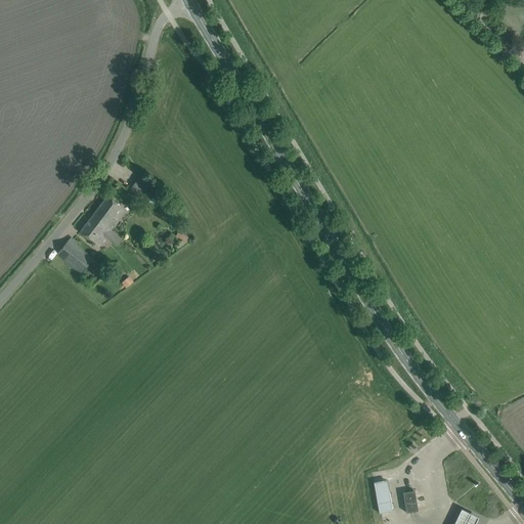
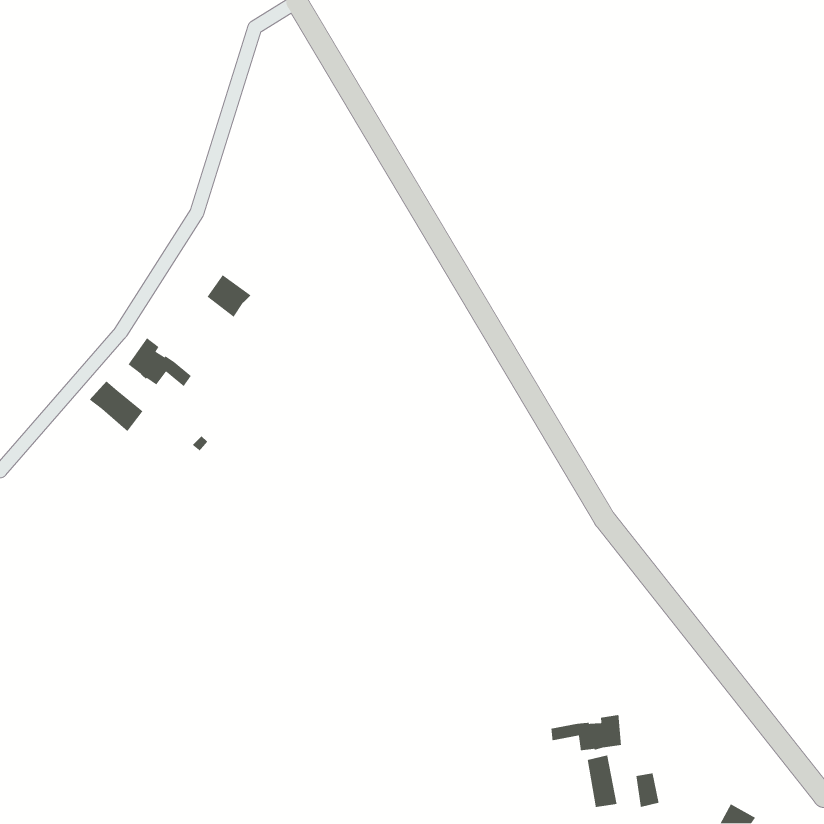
building: [93,196,120,229] -> none
building: none -> [550,714,622,751]

